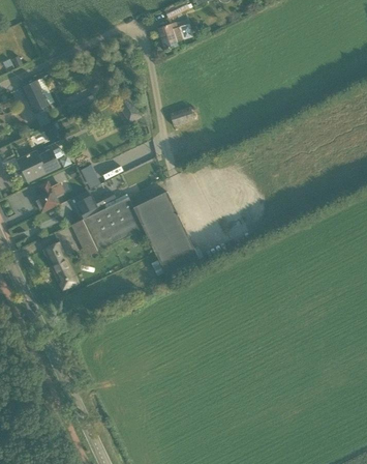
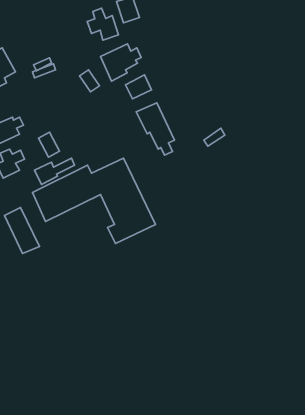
building: none -> [87,8,119,40]
building: none -> [100,44,141,81]
building: none -> [136,103,175,155]

